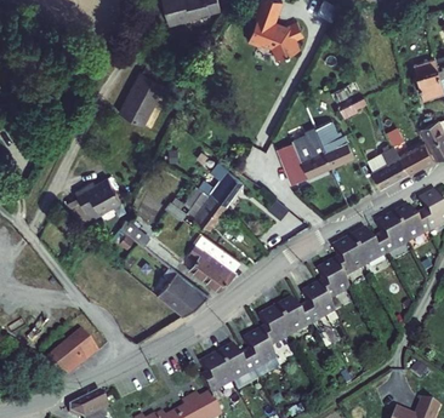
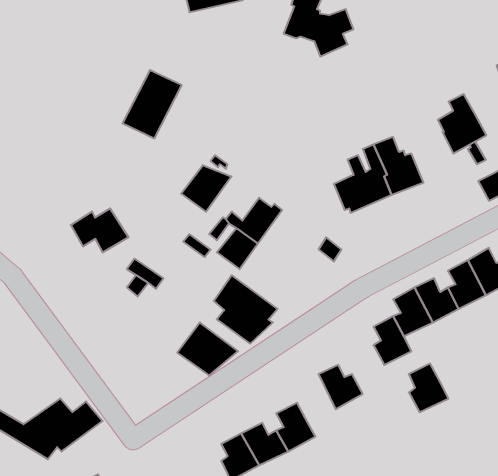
building: [370,139,409,187] -> [438,94,486,153]
building: none -> [181,165,232,212]
building: [300,287,331,326] -> [409,364,448,412]
building: [256,310,286,349] -> none

